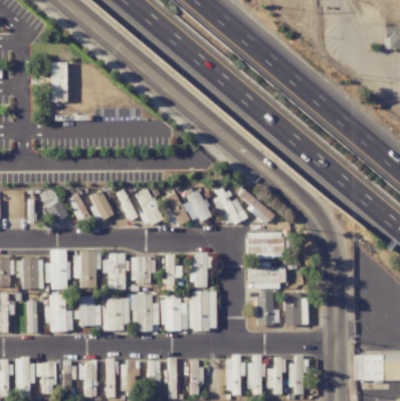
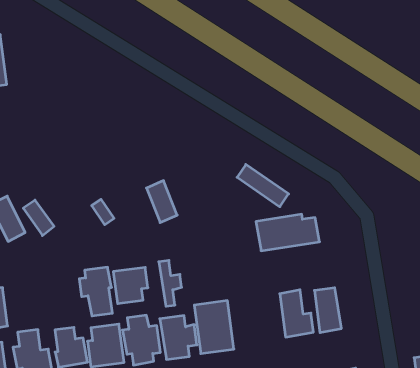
building: [214,186,247,226] -> none
building: [137,188,162,226] -> none
building: [90,191,114,222] -> none
building: [183,192,211,223] -> none
building: [45,249,68,289] -> none
building: [73,252,102,288] -> none
building: [190,254,212,285] -> none
building: [247,262,284,288] -> none

